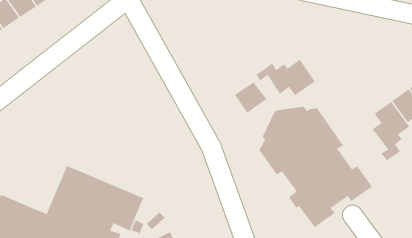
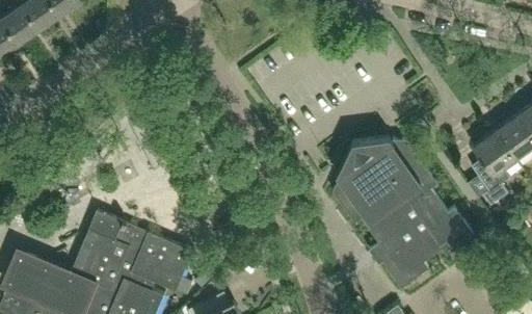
building: [256,59,315,96] -> none
building: [234,81,267,113] -> none

